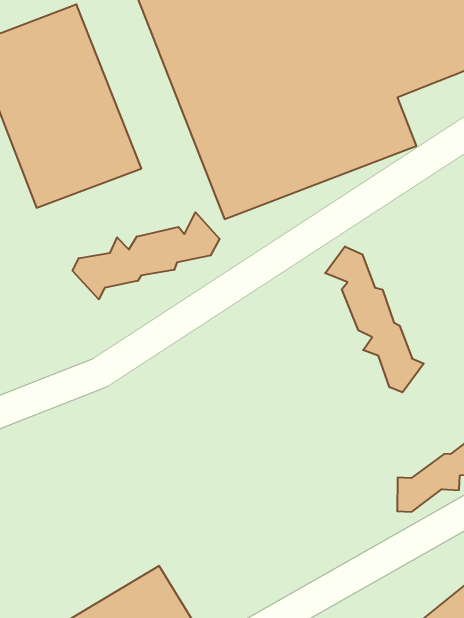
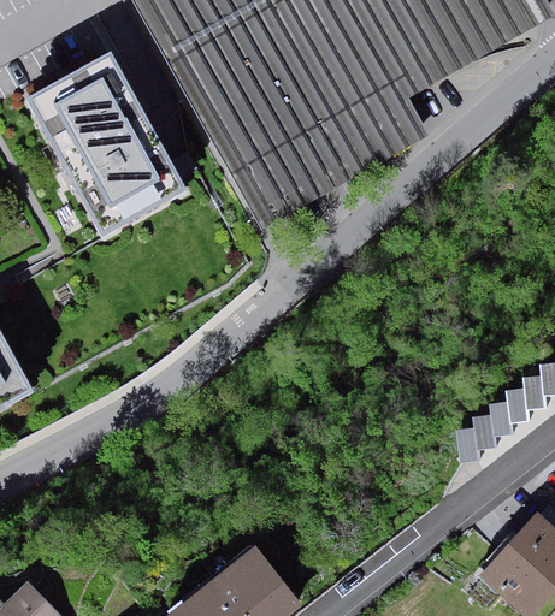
building: [73,212,220,299] -> none
building: [325,246,424,392] -> none

